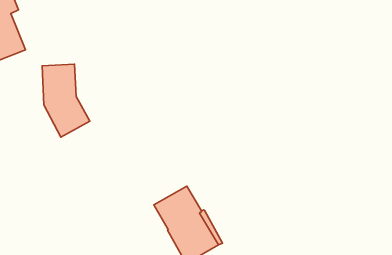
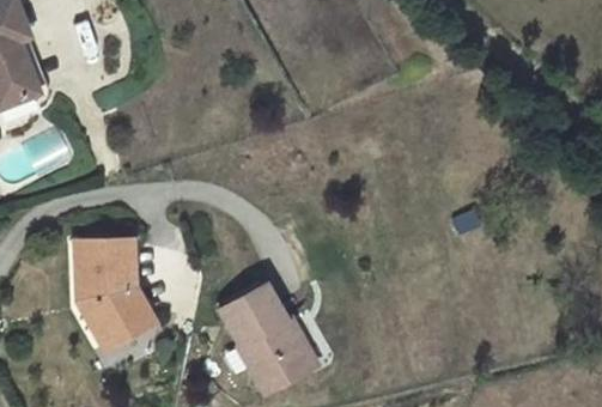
building: [42,64,90,137] -> [83,243,150,346]

